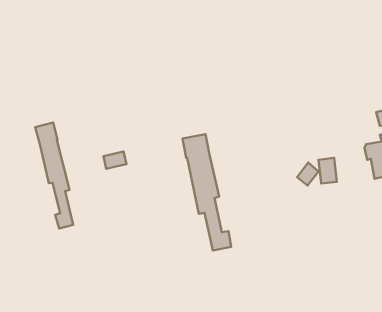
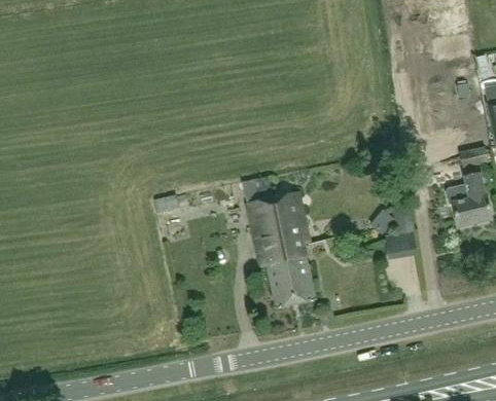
building: [35,123,73,228] -> none
building: none -> [272,191,315,302]

